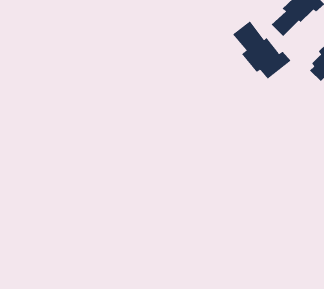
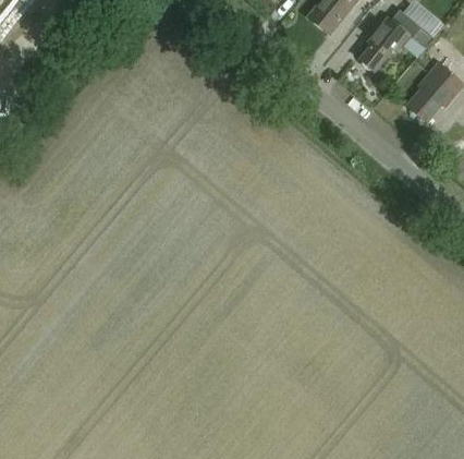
building: [232,20,291,80] -> none

